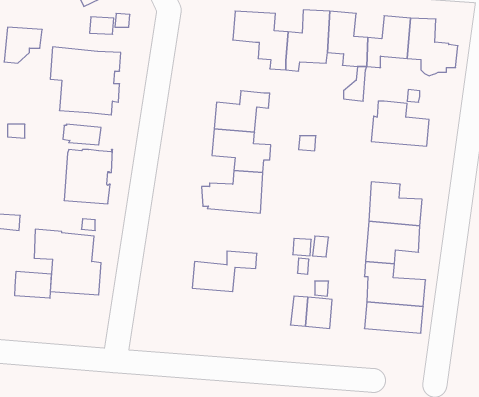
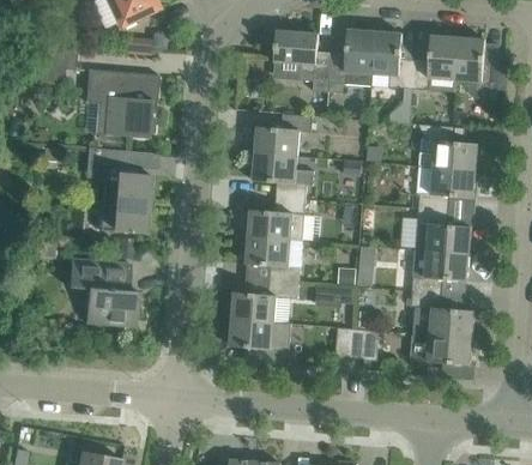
building: none -> [416,167,476,211]
building: none -> [238,236,303,283]
building: [15,271,51,298] -> none
building: none -> [230,319,291,364]

